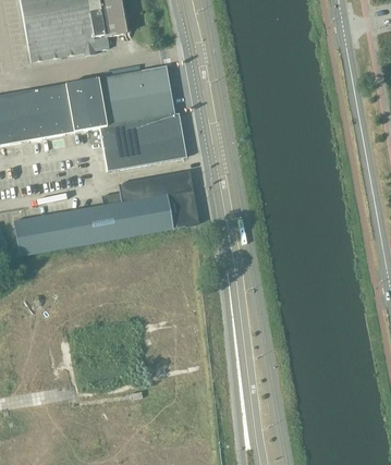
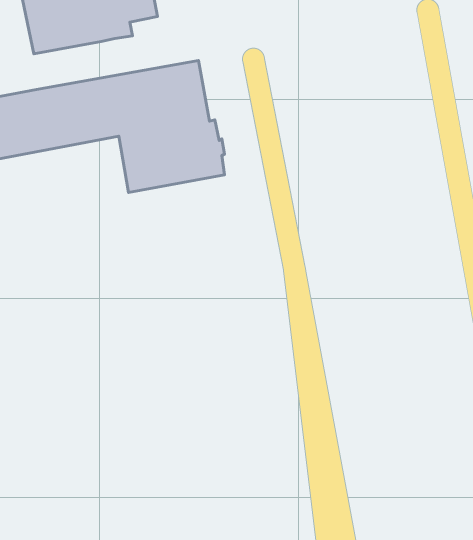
building: [12,171,194,256] -> none

